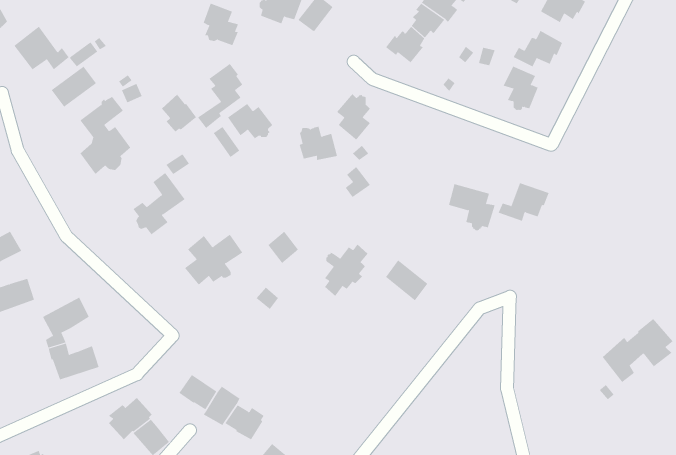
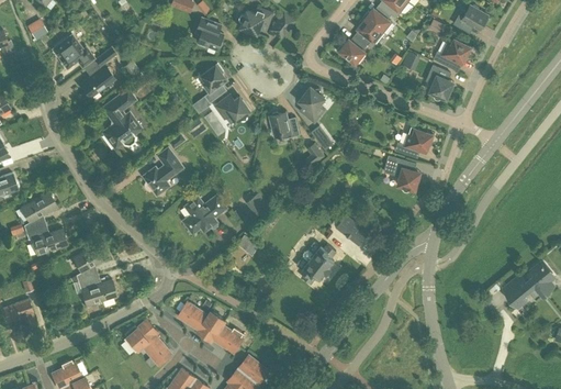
building: [161,94,197,133] -> none
building: [498,183,550,221] -> [395,127,435,157]
building: [324,244,369,297] -> [302,244,336,285]

